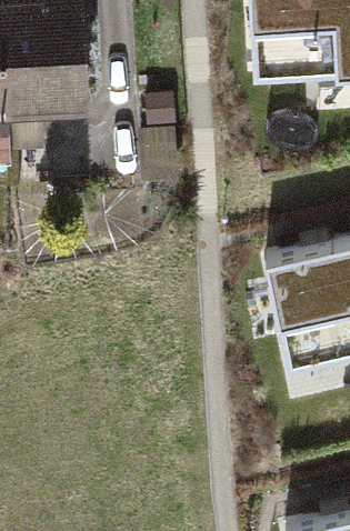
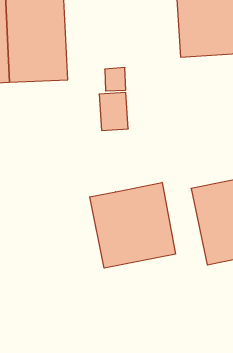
building: none -> [90,182,175,268]

